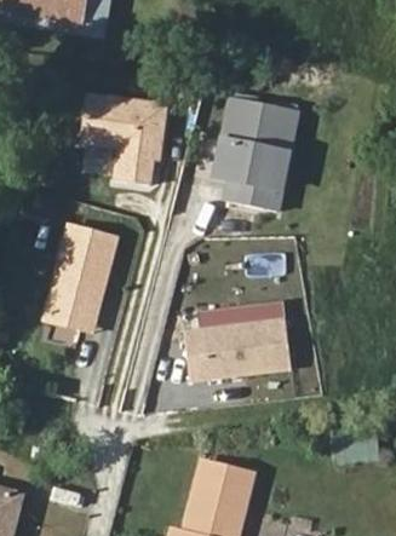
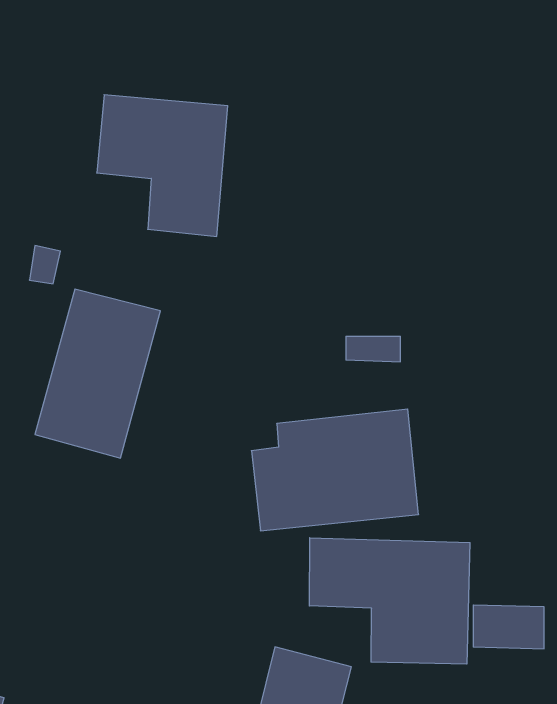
building: [213,97,302,217] -> none
building: none -> [309,538,470,664]

